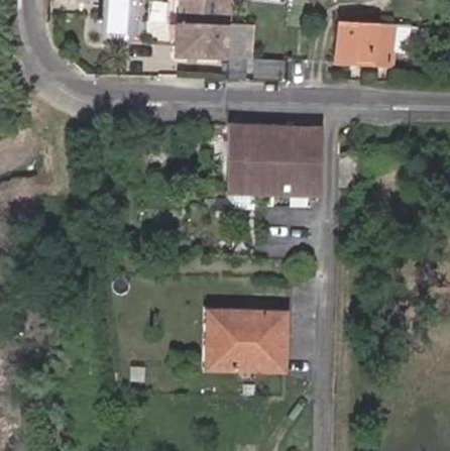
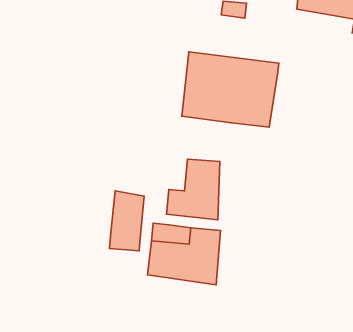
building: none -> [167,159,220,220]
building: none -> [110,191,144,251]

